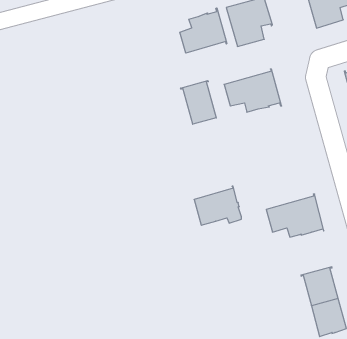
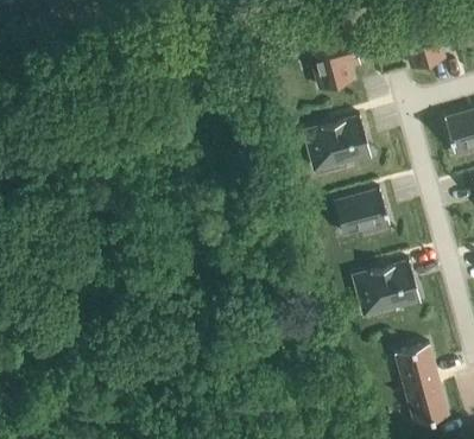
building: [180,8,227,53] -> none
building: [181,81,216,124] -> none
building: [194,186,241,225] -> [334,189,388,234]

